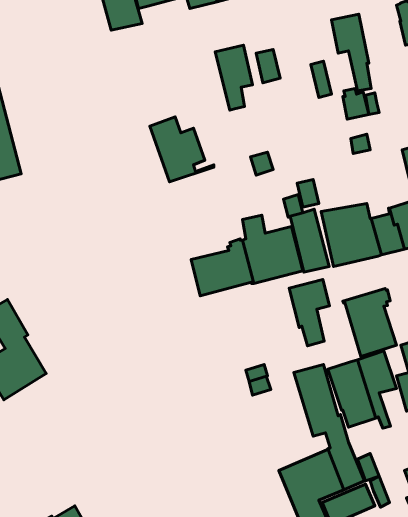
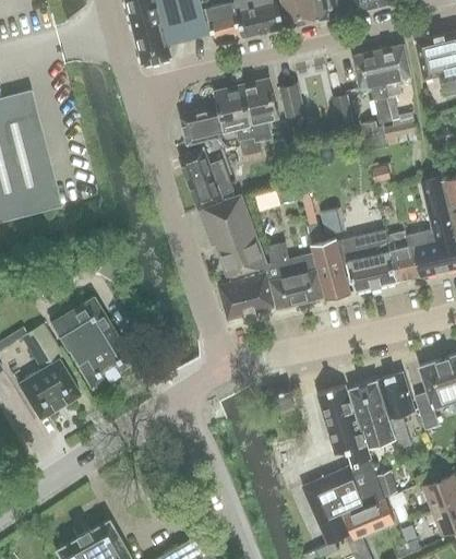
building: none -> [380,44,411,120]
building: none -> [181,85,264,162]
building: none -> [199,195,266,274]
building: none -> [51,296,133,386]
building: [289,280,330,346] -> none
building: [343,288,396,356] -> none

